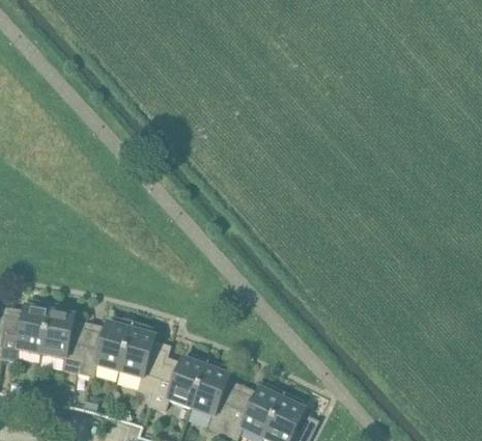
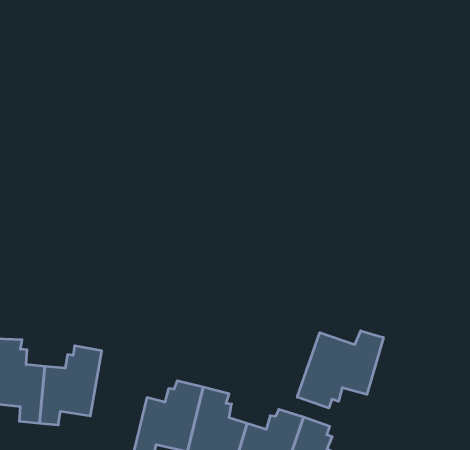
building: [116,323,165,394] -> none
building: none -> [297,331,383,408]

